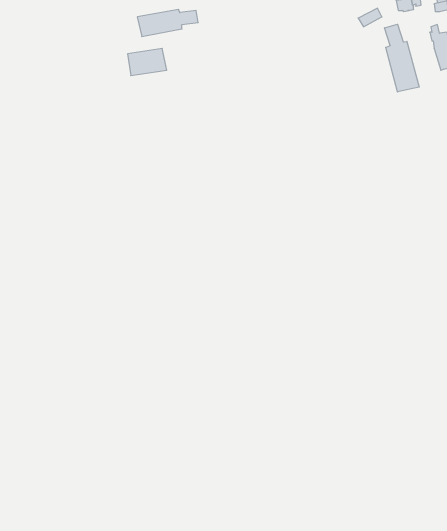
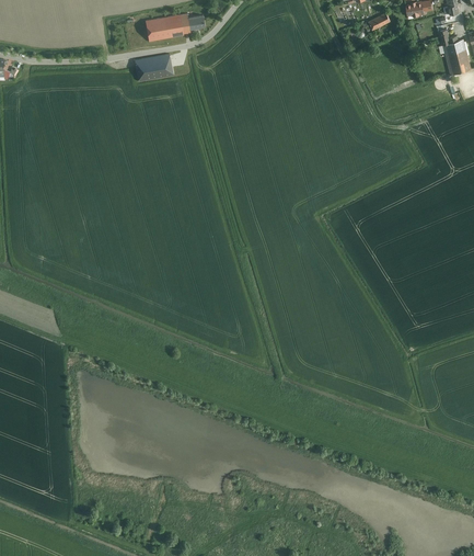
building: [385,24,419,92] -> none

